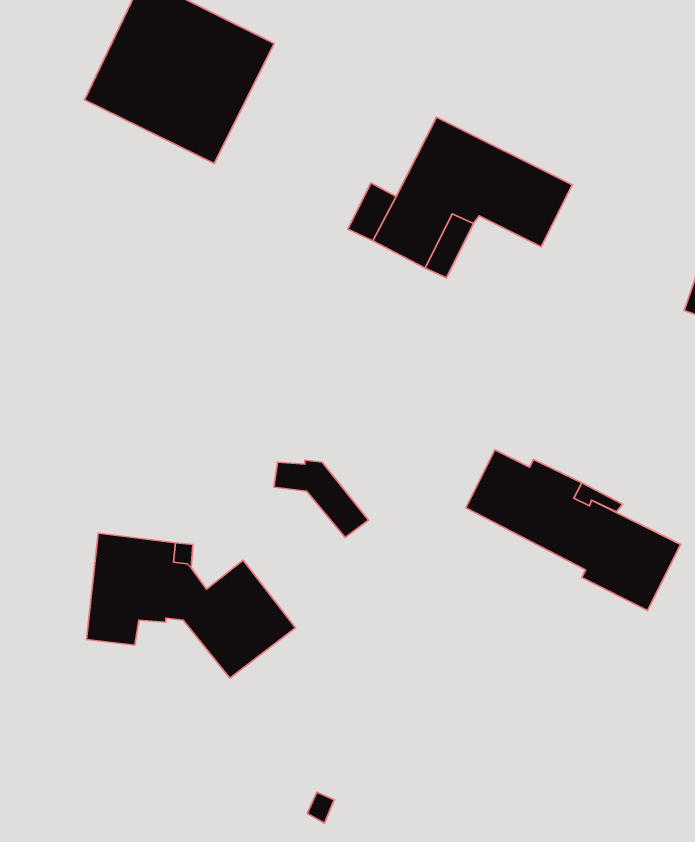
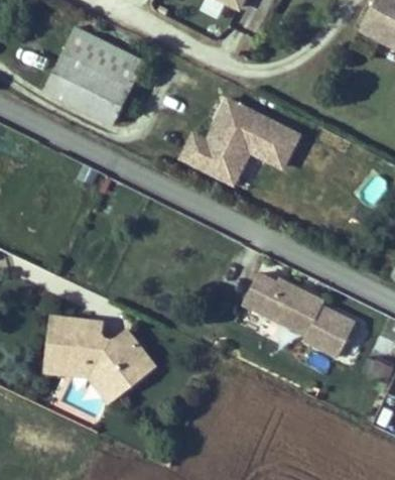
building: [274,460,369,538] -> [72,360,121,400]

